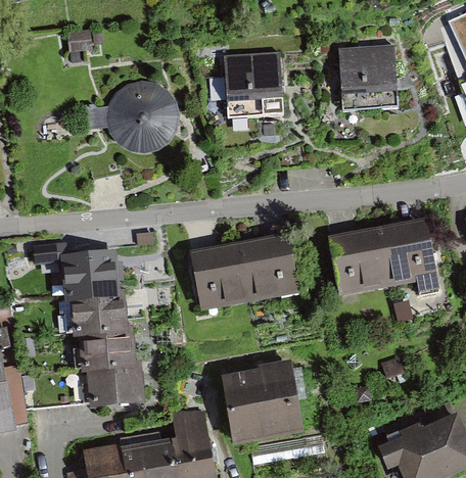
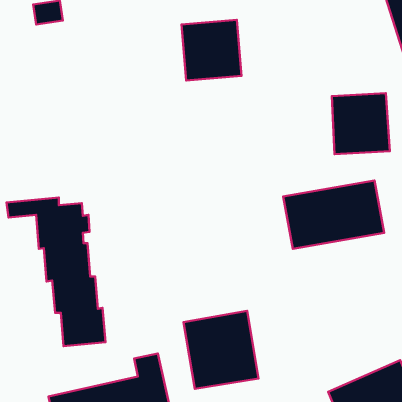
building: [335,46,398,111] -> [332,93,390,154]
building: [106,82,179,154] -> none
building: [190,234,298,308] -> none

